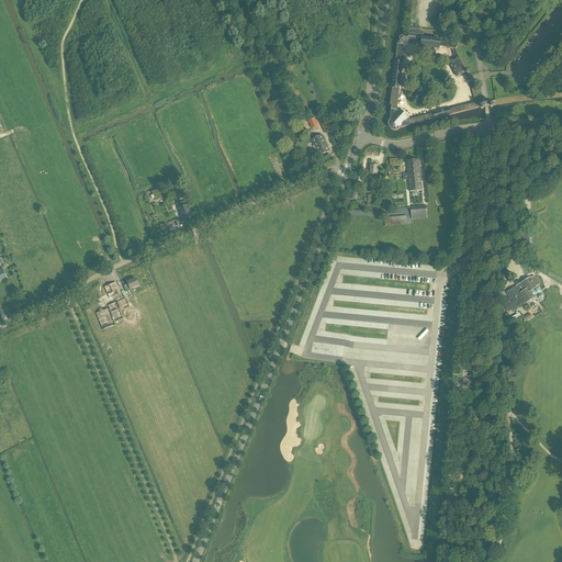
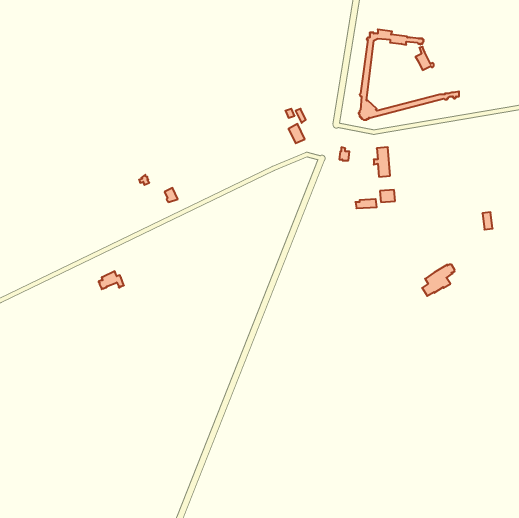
building: [503,277,538,311] -> [422,265,455,296]

